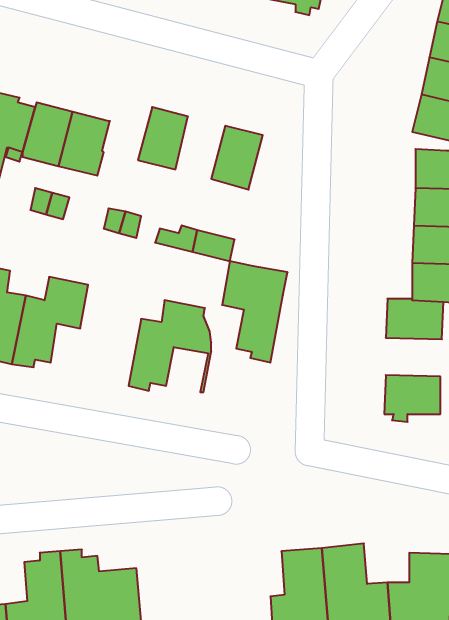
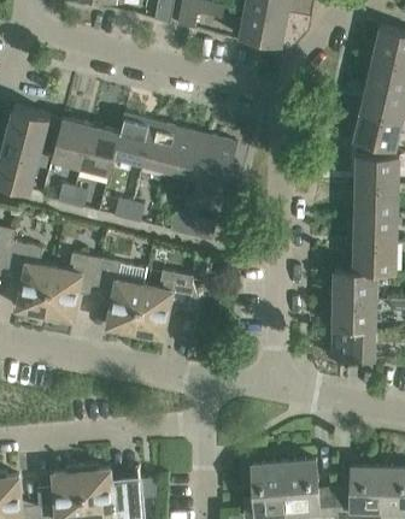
building: none -> [113,113,152,161]
building: none -> [170,128,209,176]
building: [222,261,288,363] -> [96,258,147,336]
building: none -> [327,299,376,329]

